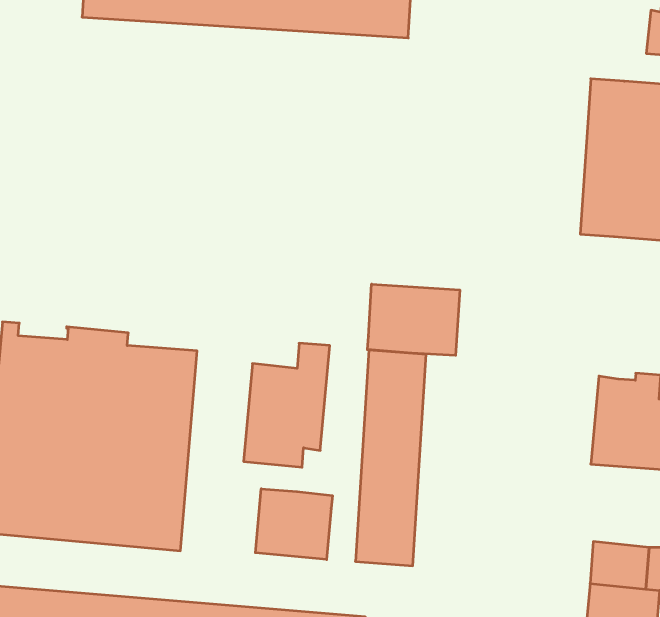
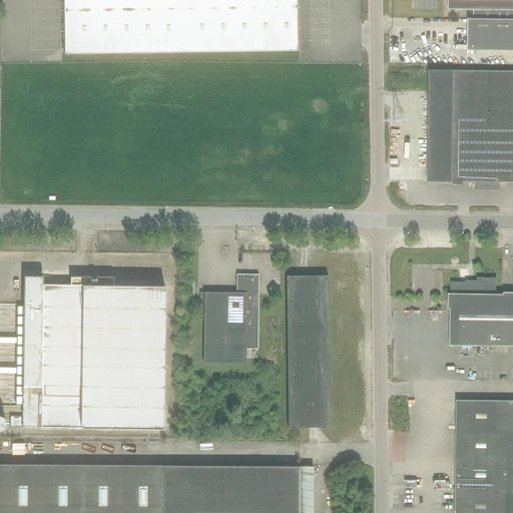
building: [367,284,460,355] -> none
building: [255,489,332,560] -> none

